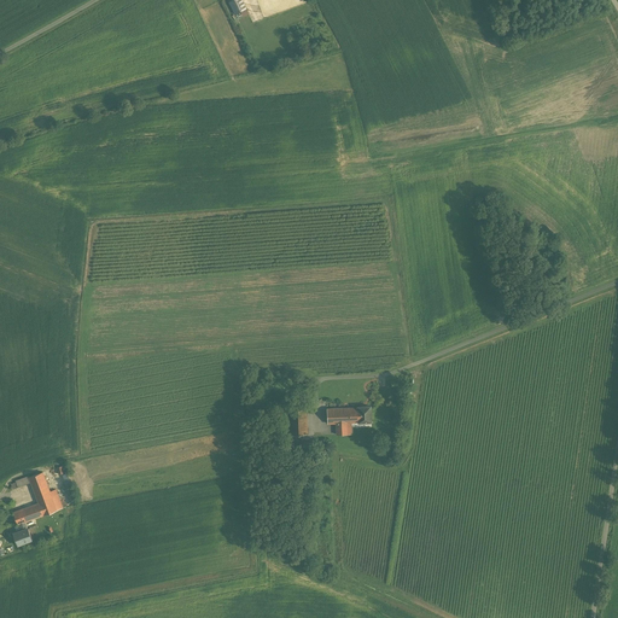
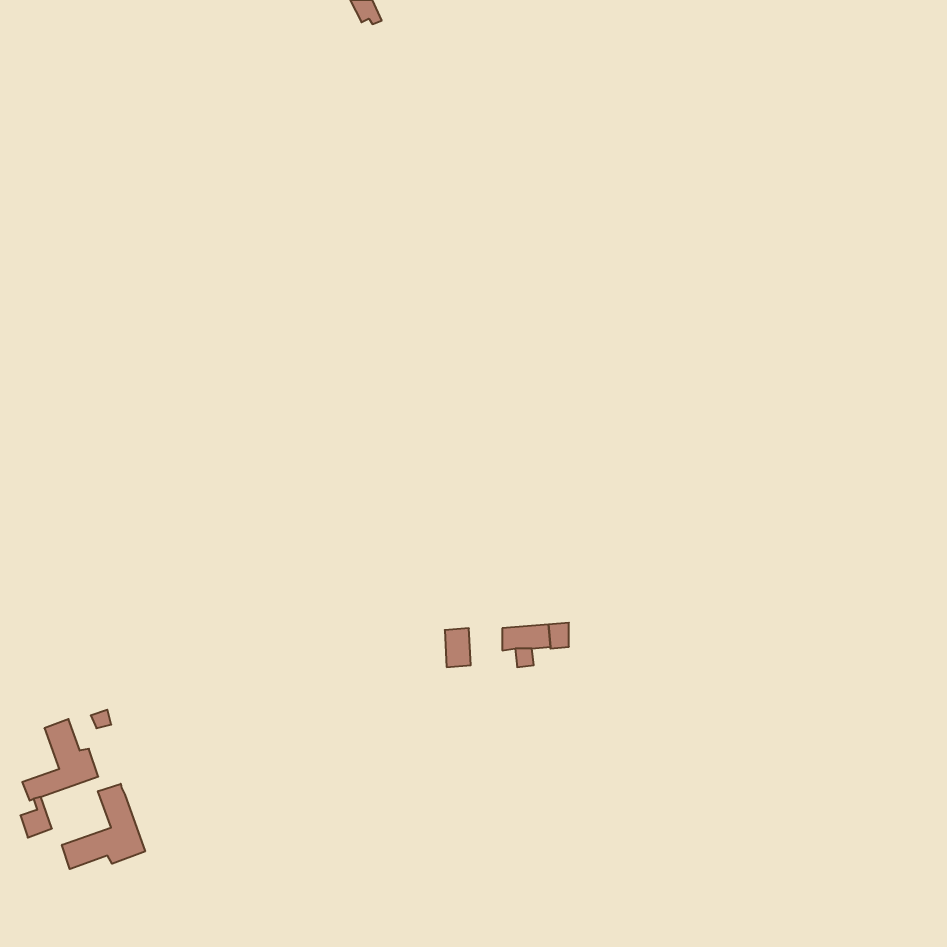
building: none -> [62,784,145,869]

